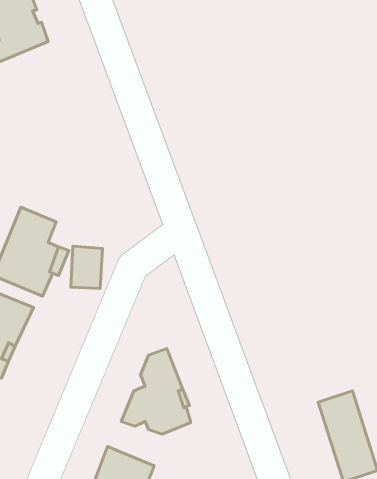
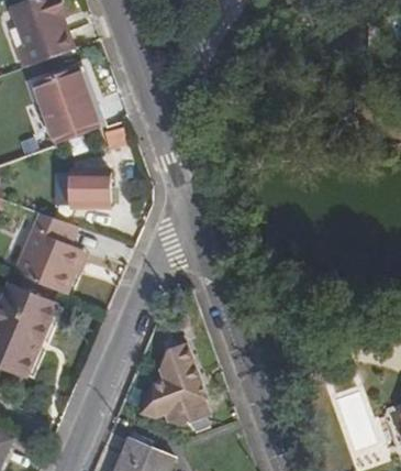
building: none -> [31,63,93,140]
building: [71,246,103,288] -> [74,168,104,209]

